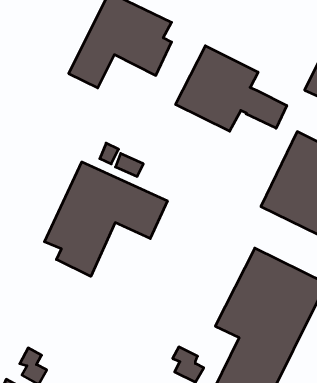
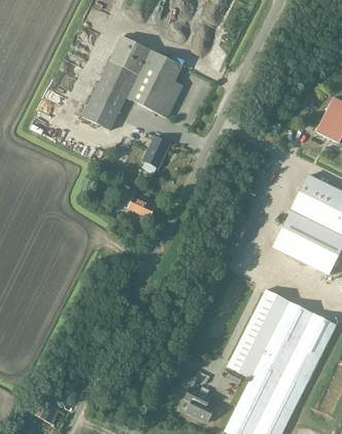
building: [176,46,287,131] -> none
building: none -> [141,136,169,167]
building: [44,162,167,276] -> none

